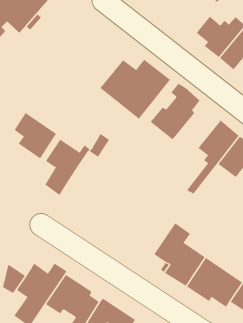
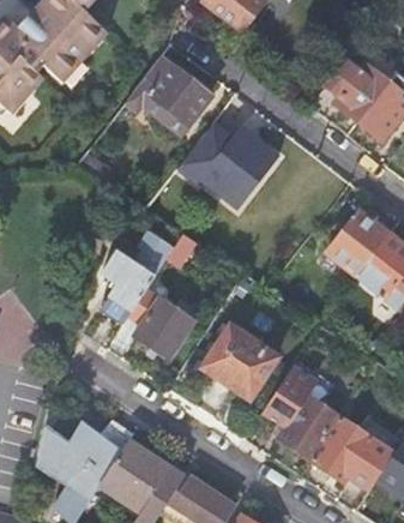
building: none -> [125,58,209,125]
building: [150,83,200,140] -> none
building: [14,112,57,159] -> [127,288,191,357]
building: none -> [200,324,276,398]

